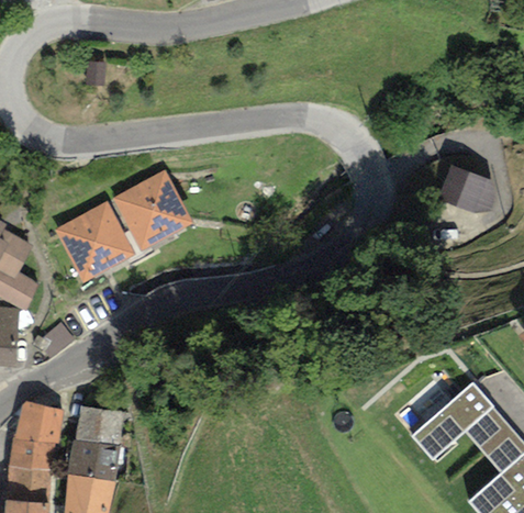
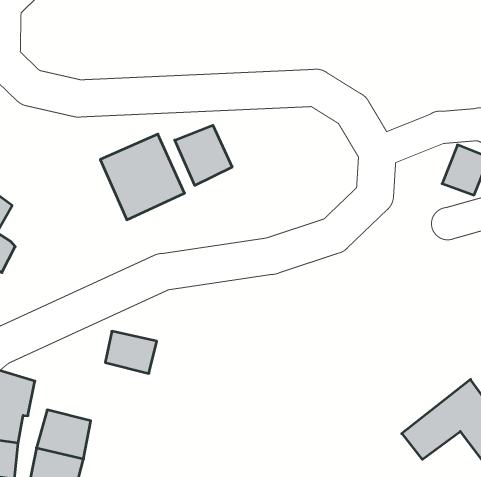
building: none -> [175,125,232,185]
building: [54,202,134,282] -> none
building: [77,406,124,444] -> [105,331,157,373]

